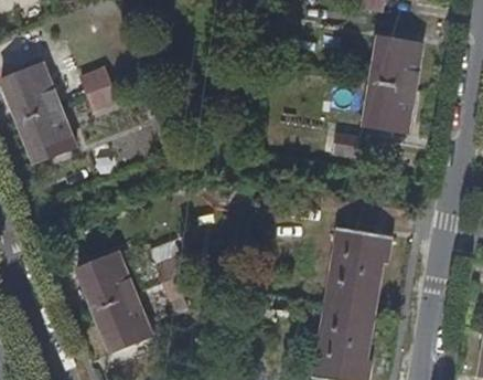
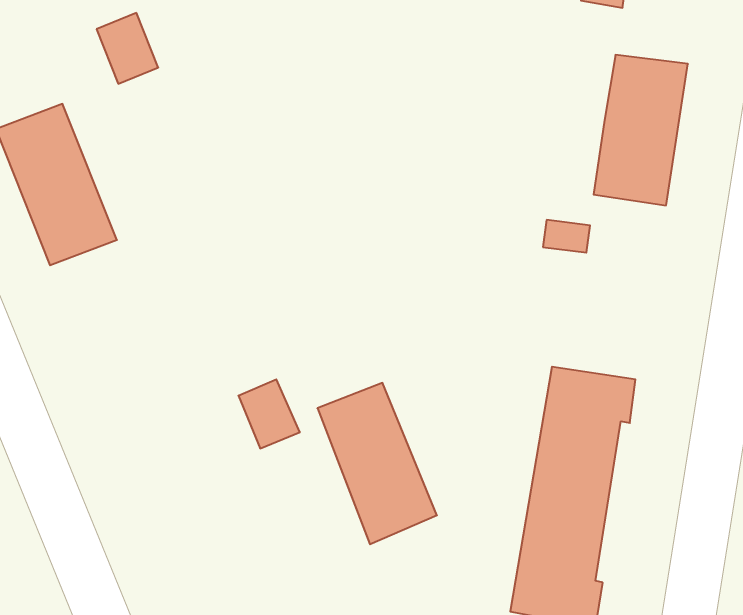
building: [80,68,118,112] -> [97,13,158,84]
building: [76,256,149,355] -> [317,383,437,544]

